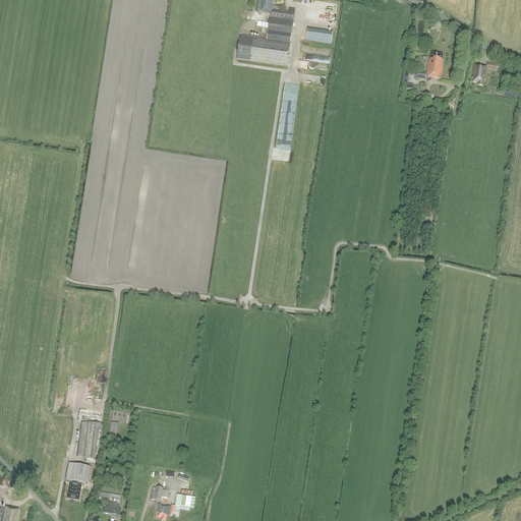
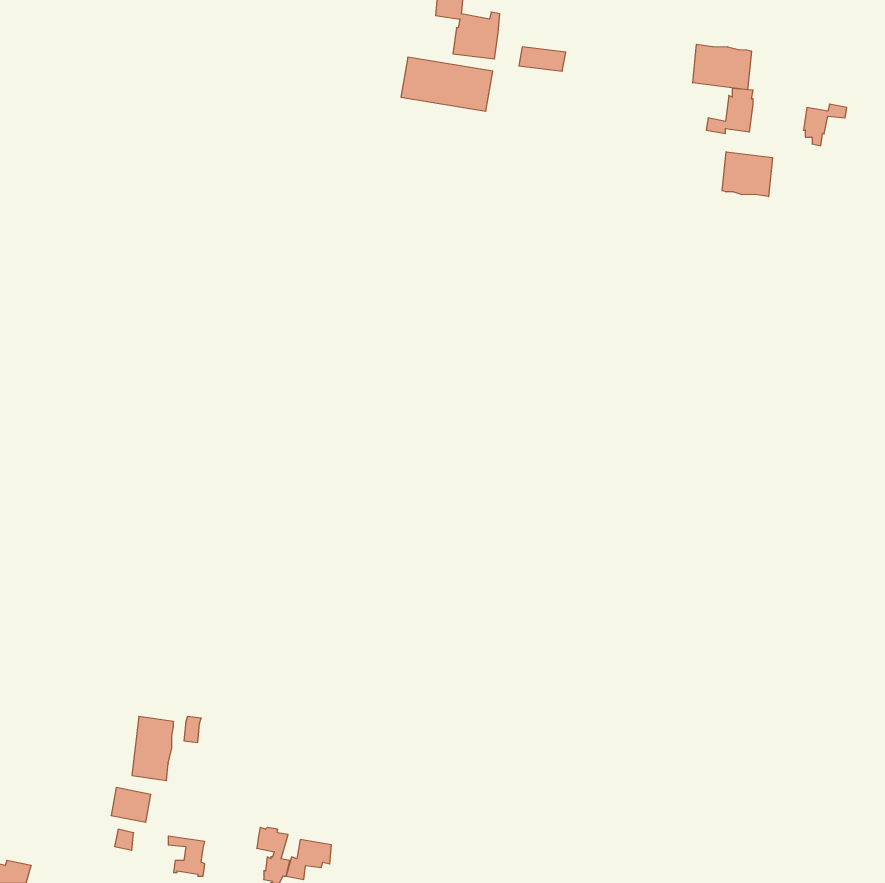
building: none -> [693,44,751,90]
building: none -> [722,152,773,197]

